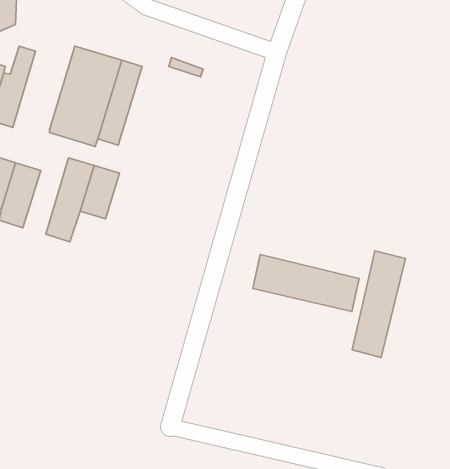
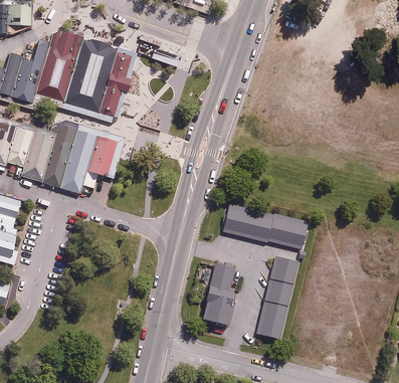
building: none -> [34,30,81,105]
building: none -> [40,121,76,187]
building: [352,251,405,357] -> [256,254,298,339]
building: none -> [201,265,239,325]

